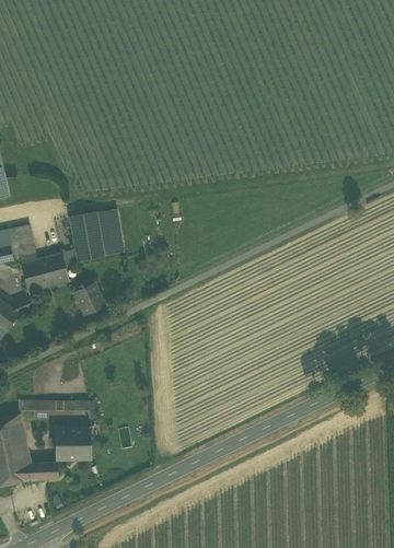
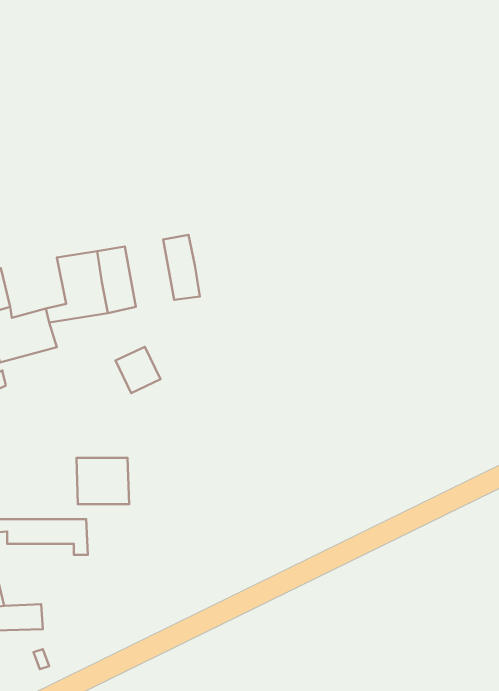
building: none -> [163,235,200,300]
building: [74,282,106,315] -> [116,347,160,393]
building: [55,427,92,459] -> [76,458,129,504]

